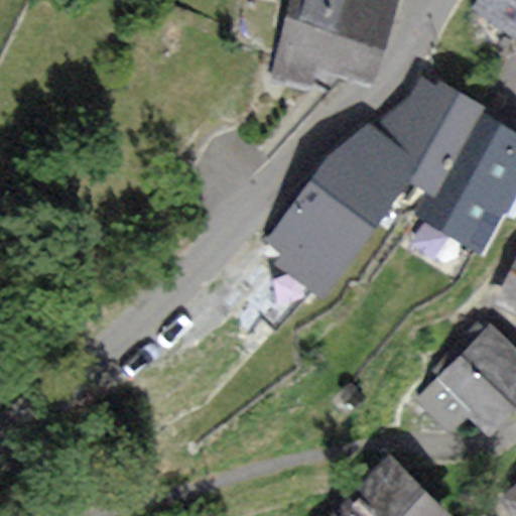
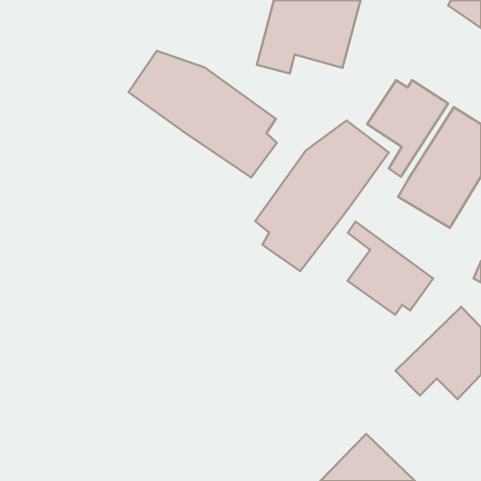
building: none -> [129,51,277,178]
building: none -> [348,221,433,315]

